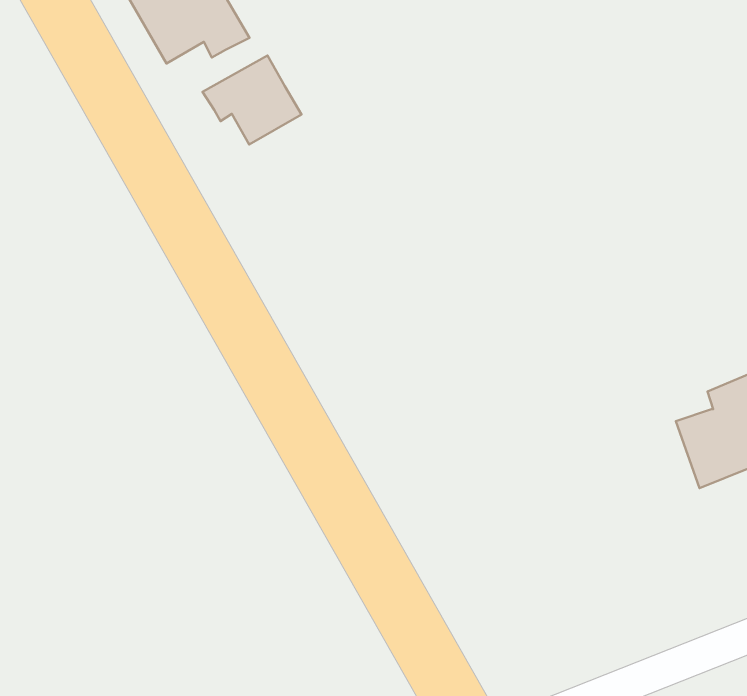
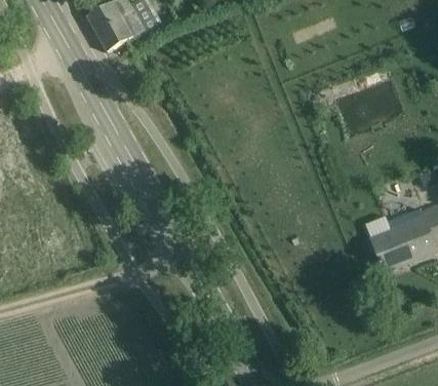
building: [203,55,301,145] -> none

